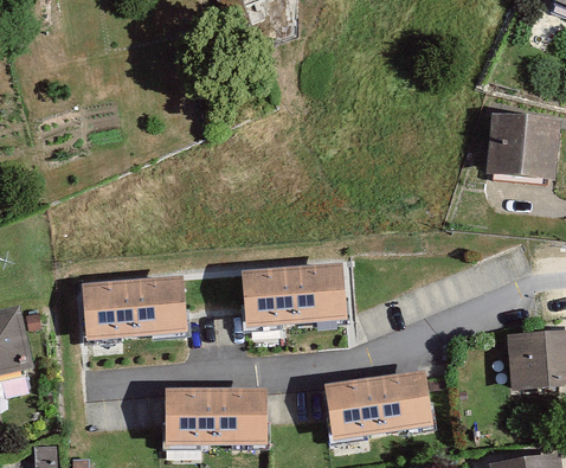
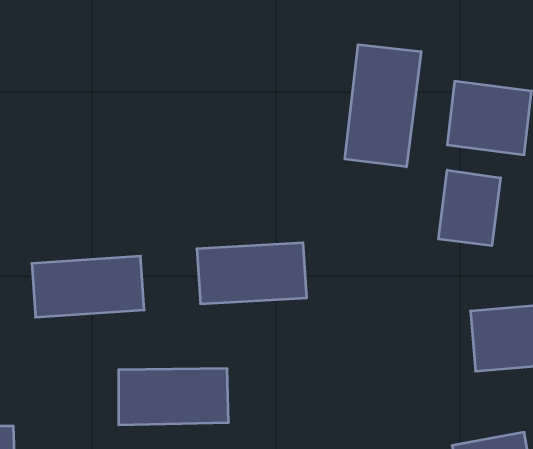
building: none -> [345,45,421,167]
building: none -> [439,170,501,246]
building: [321,368,432,442] -> none

